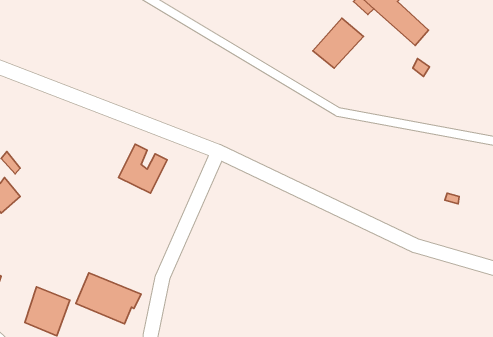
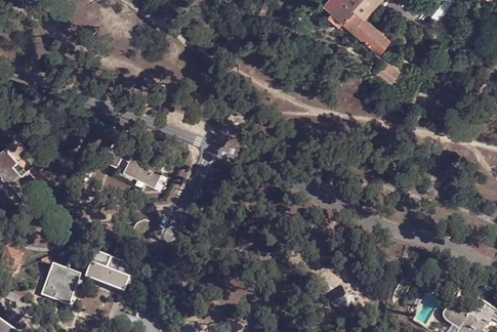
building: [313,18,364,68] -> none

